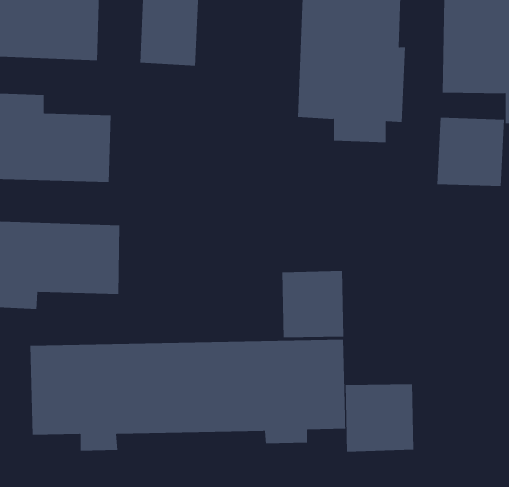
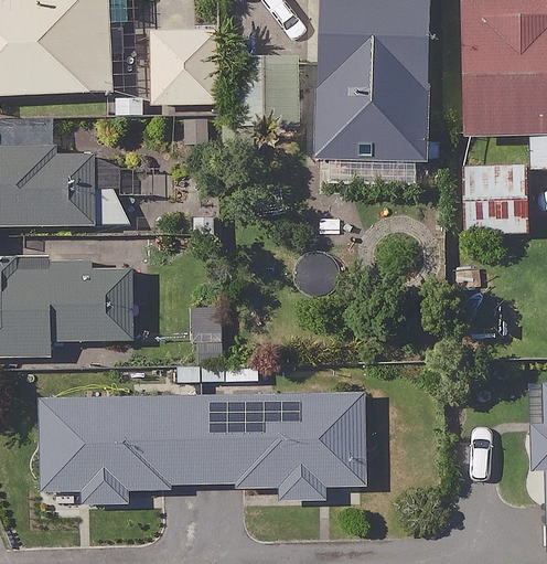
building: [282,270,344,338] -> none
building: [345,384,414,452] -> none

